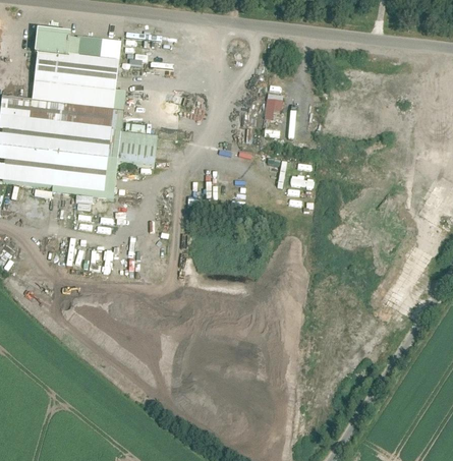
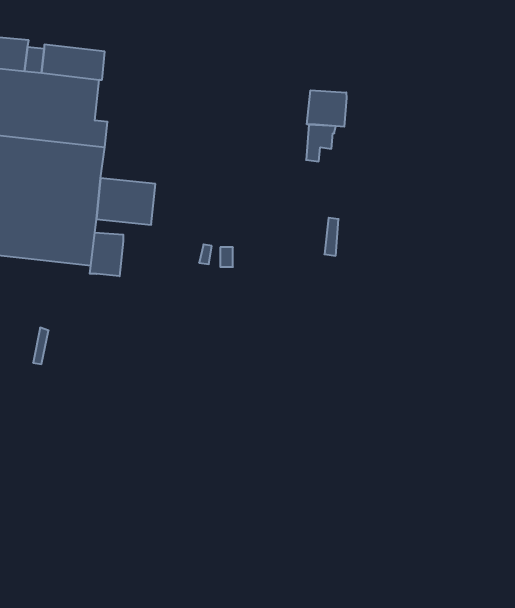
building: none -> [307,90,347,127]
building: none -> [90,233,123,276]

